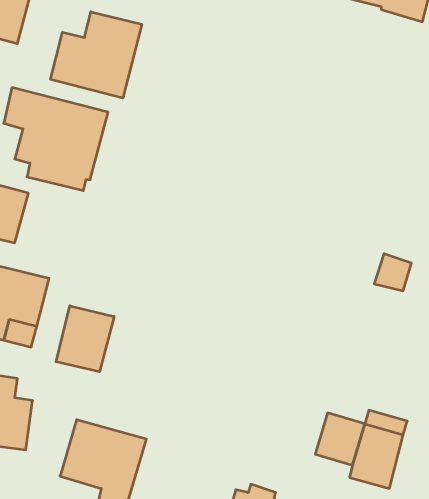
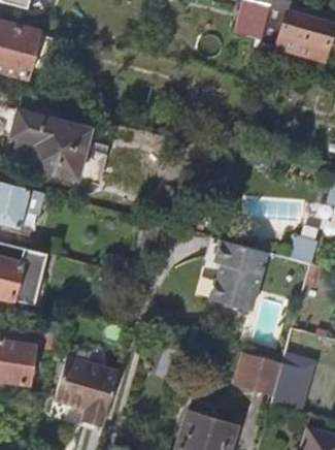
building: [51,12,142,98] -> none
building: none -> [211,239,269,311]
building: [56,306,114,372] -> none

